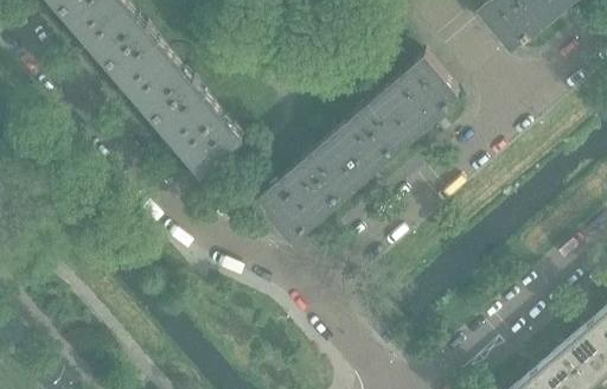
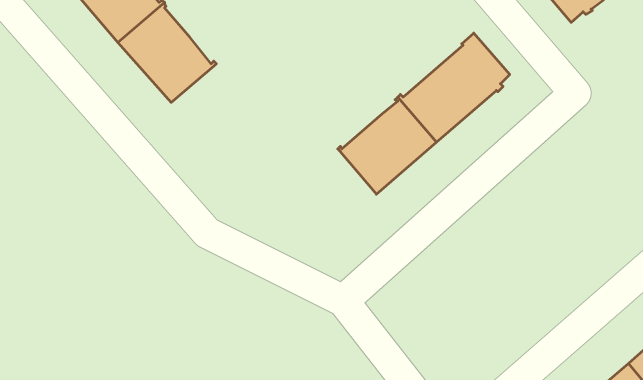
building: [154,84,241,174] -> none
building: [256,160,337,237] -> none

